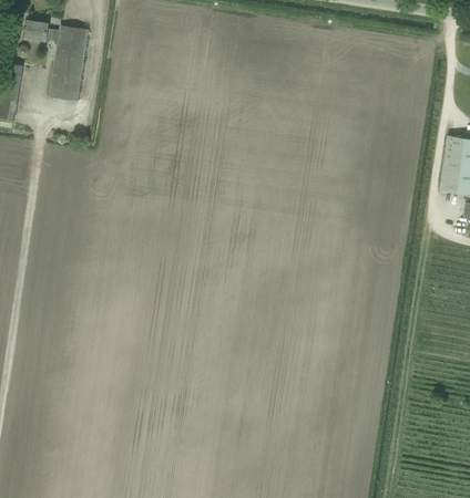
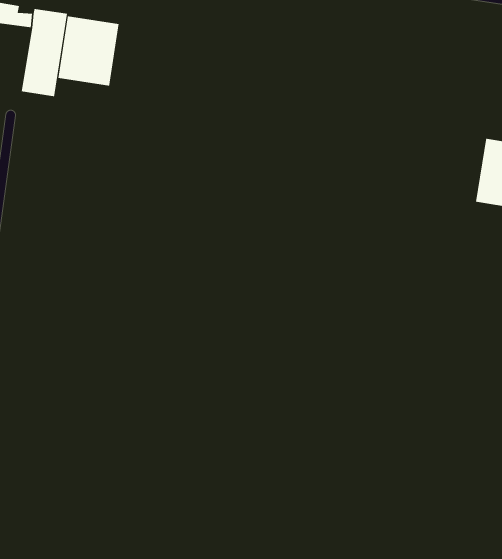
building: none -> [58,15,119,86]

